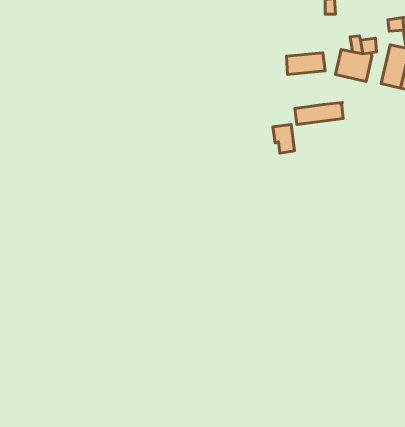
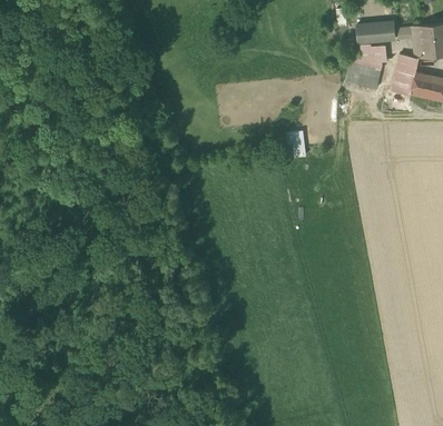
building: [286,53,325,74] -> [357,20,395,41]
building: [295,102,343,124] -> none

